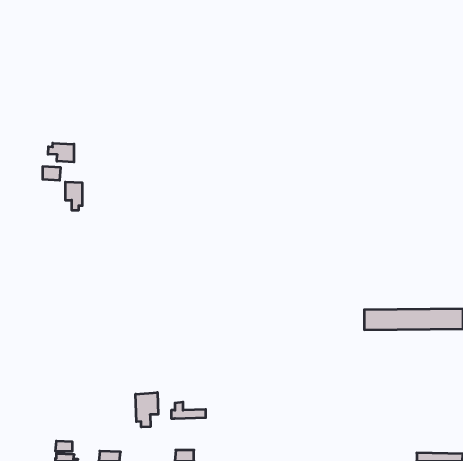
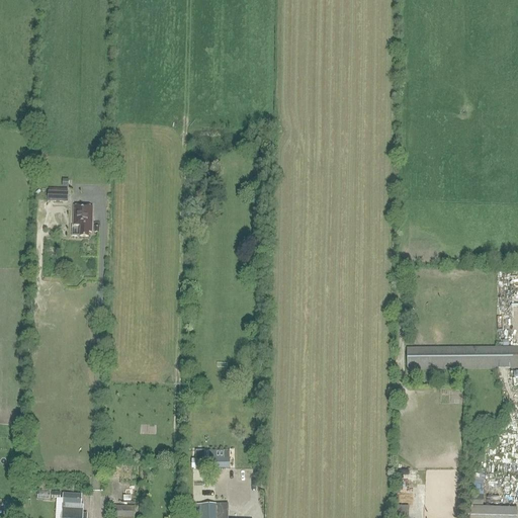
building: [48,143,74,162] -> none
building: [136,392,158,427] -> none

